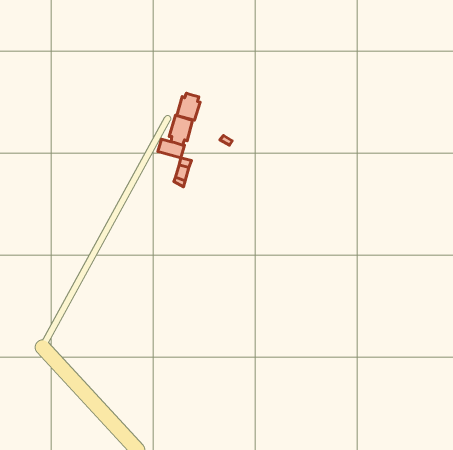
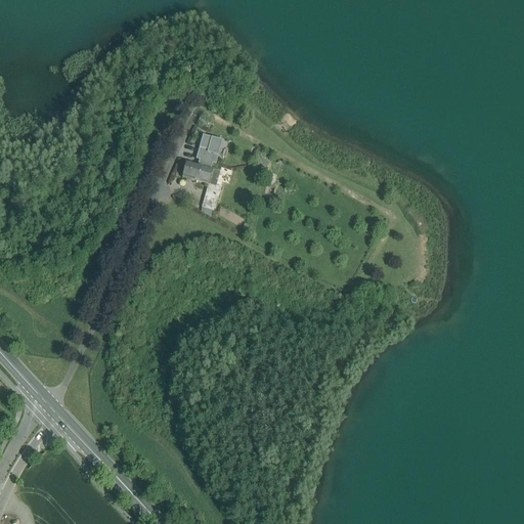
building: [177,93,200,120] -> none

